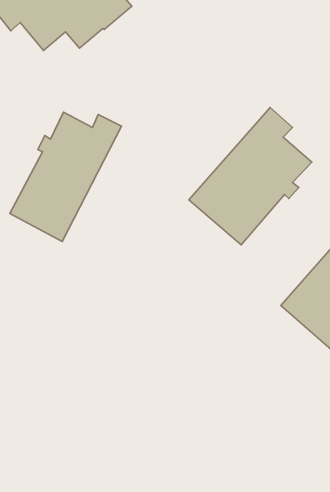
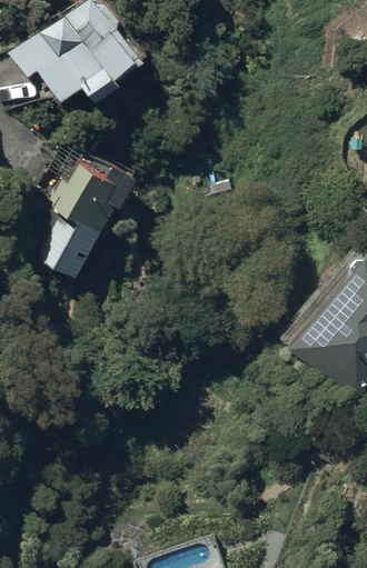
building: [189,107,312,245] -> none

